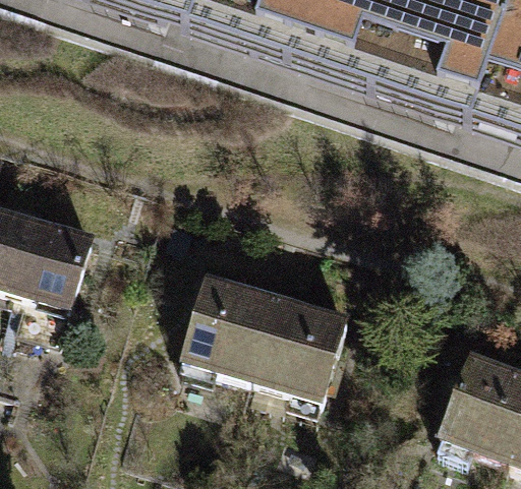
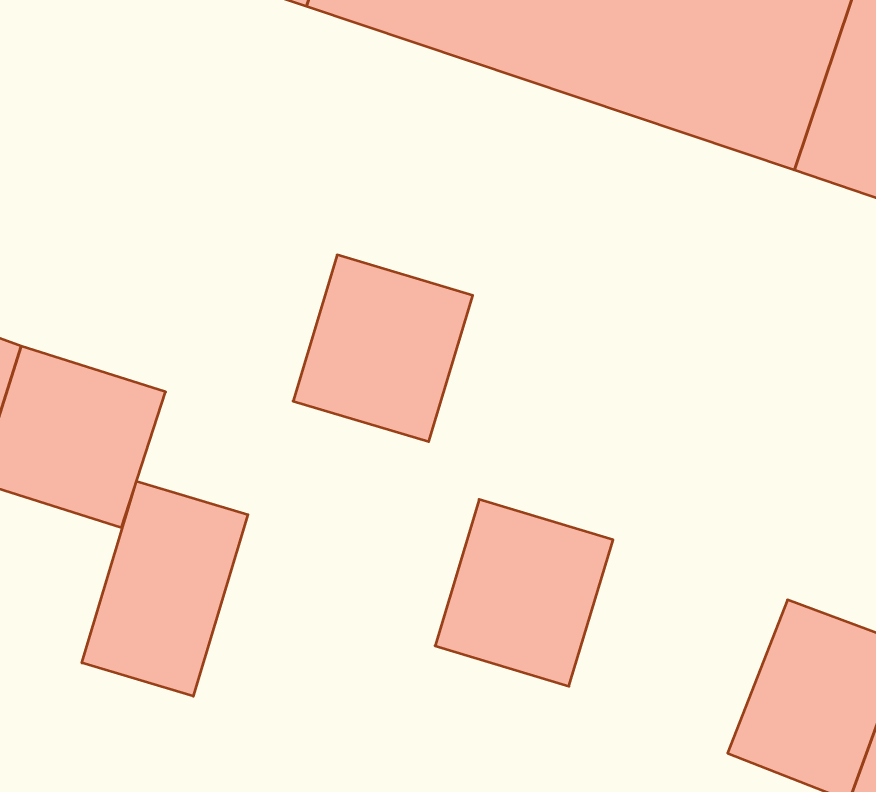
building: [183,285,287,392] -> [293,255,473,442]
building: none -> [82,481,248,696]

